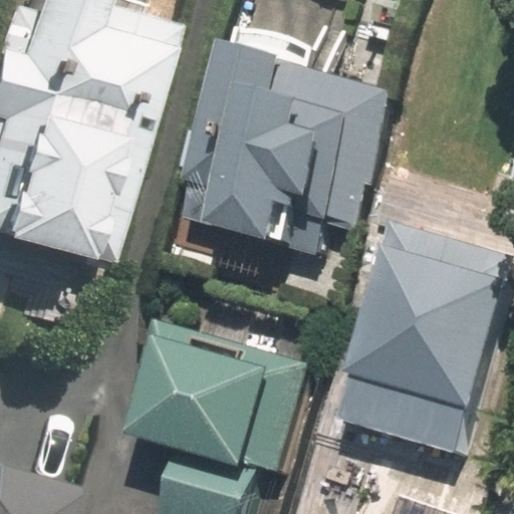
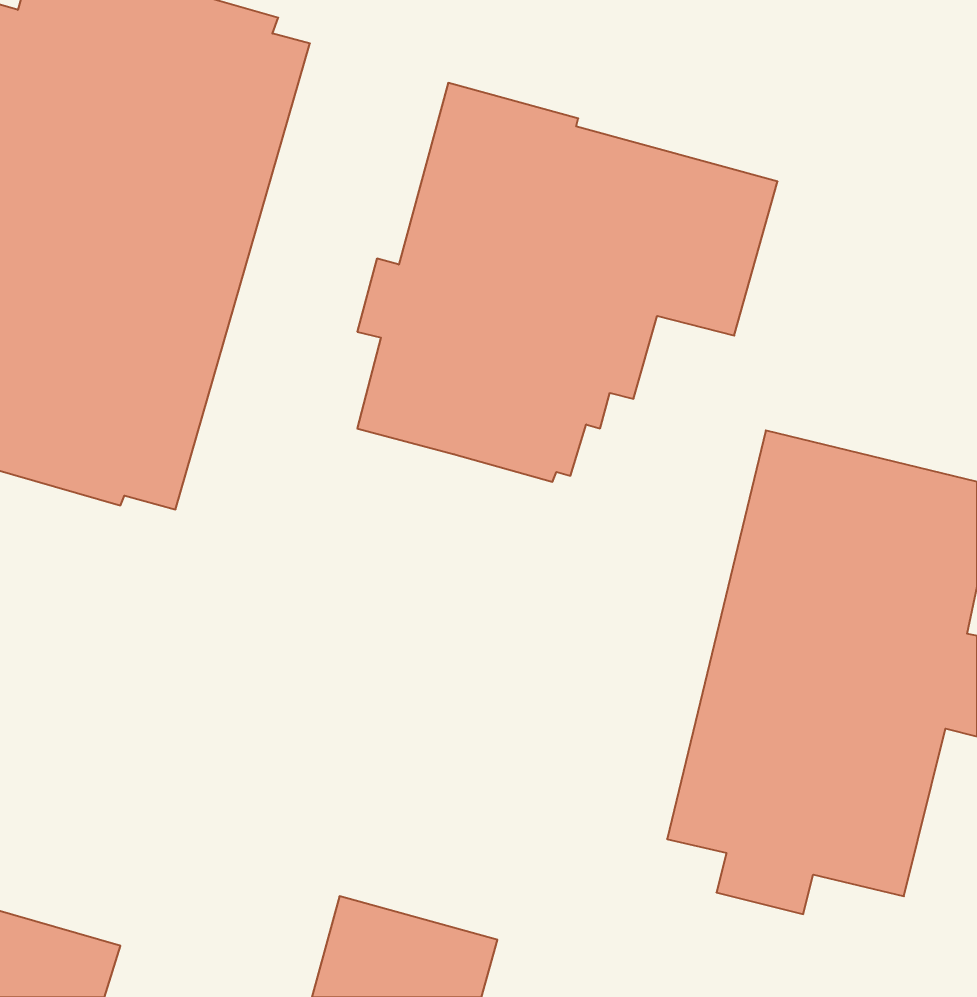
building: [126,317,306,470] -> none

